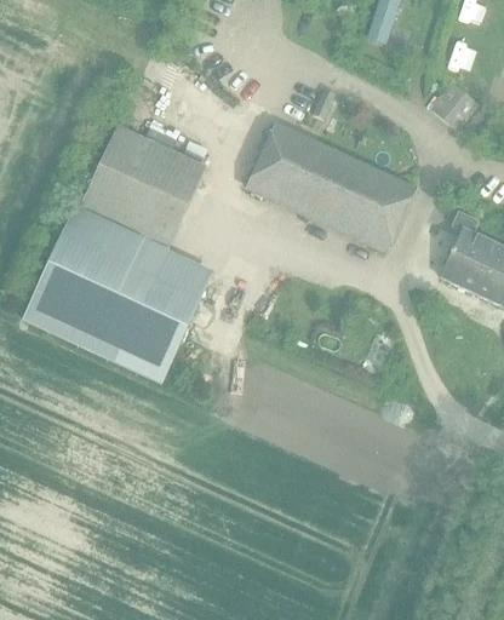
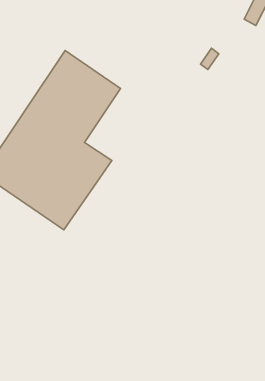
building: [247,122,413,247] -> none

